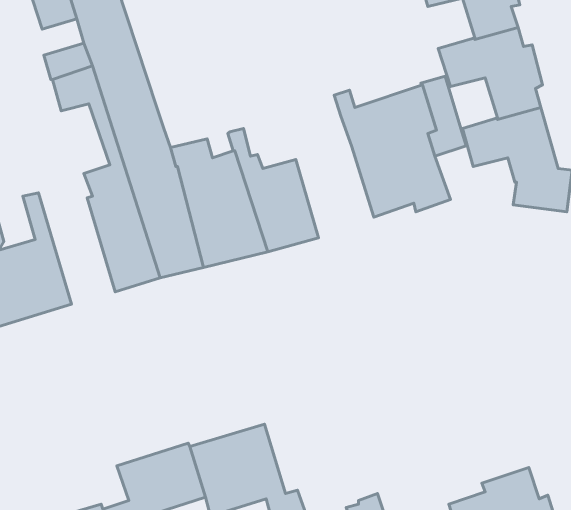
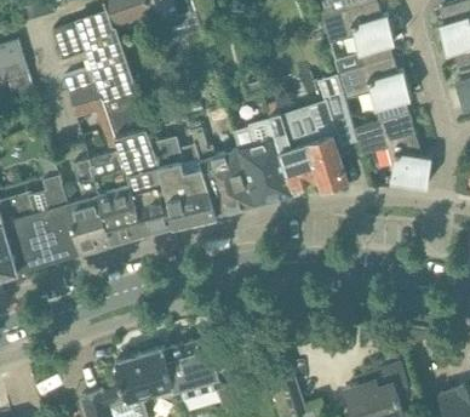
building: none -> [239,122,294,207]
building: none -> [68,160,113,253]

